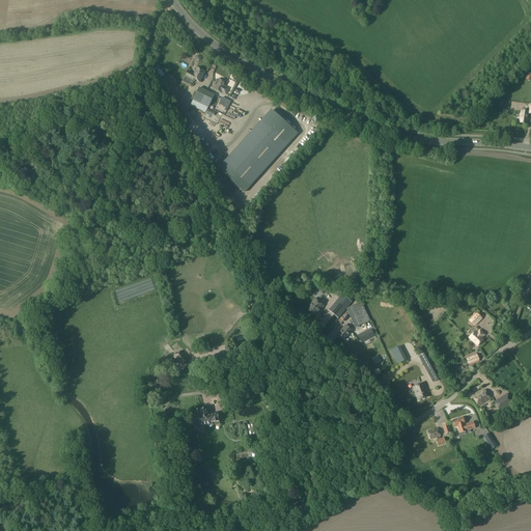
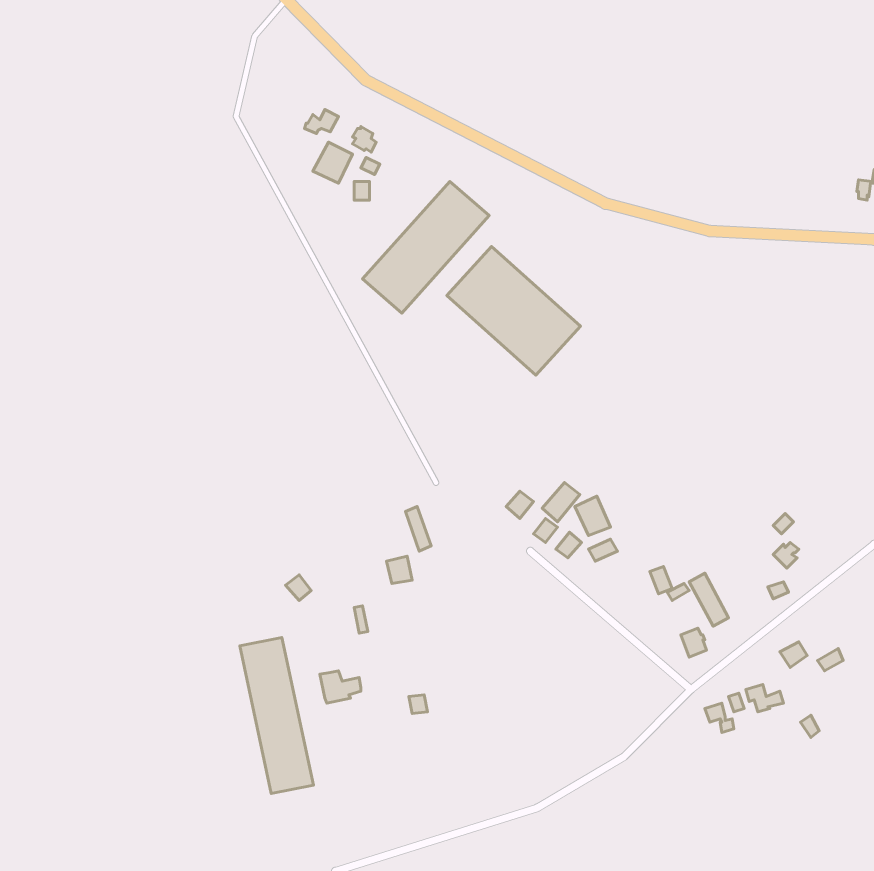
building: none -> [447,247,581,375]
building: none -> [240,638,314,793]

